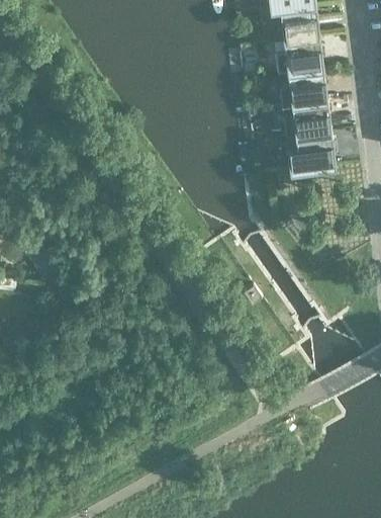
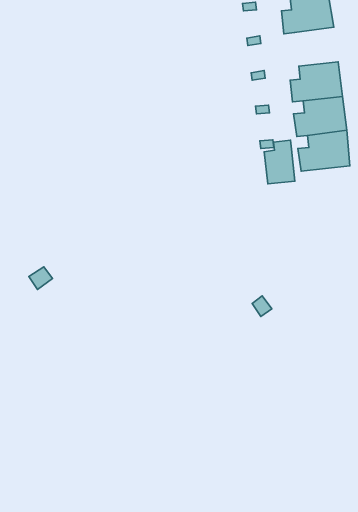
building: [276,38,324,76] -> none
building: none -> [264,140,295,184]

